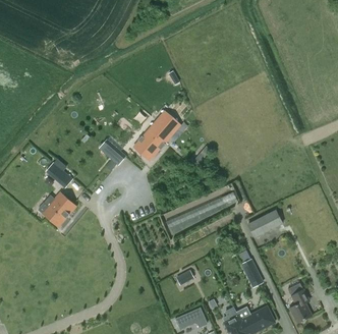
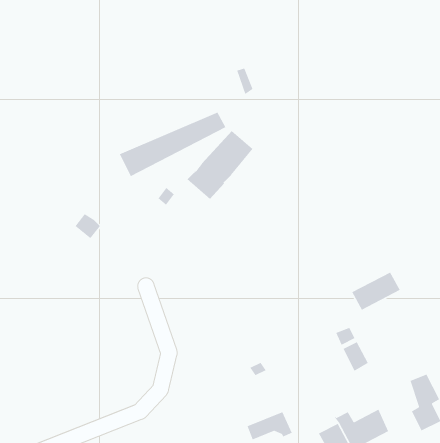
building: [164,189,239,235] -> [119,111,227,177]
building: [45,194,75,226] -> none

